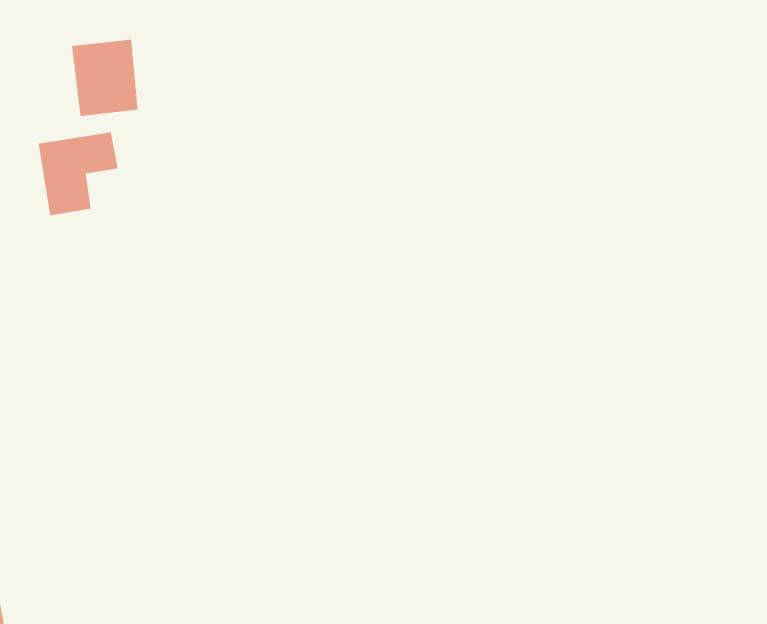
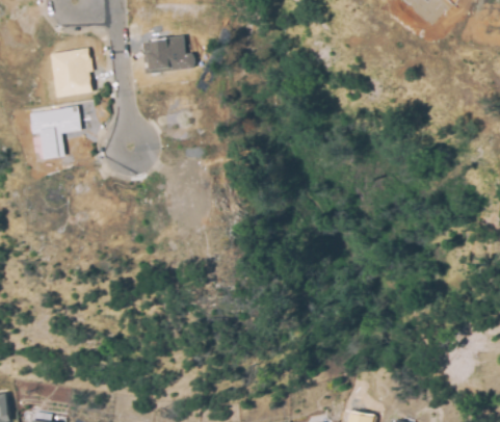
building: none -> [142,35,193,71]

